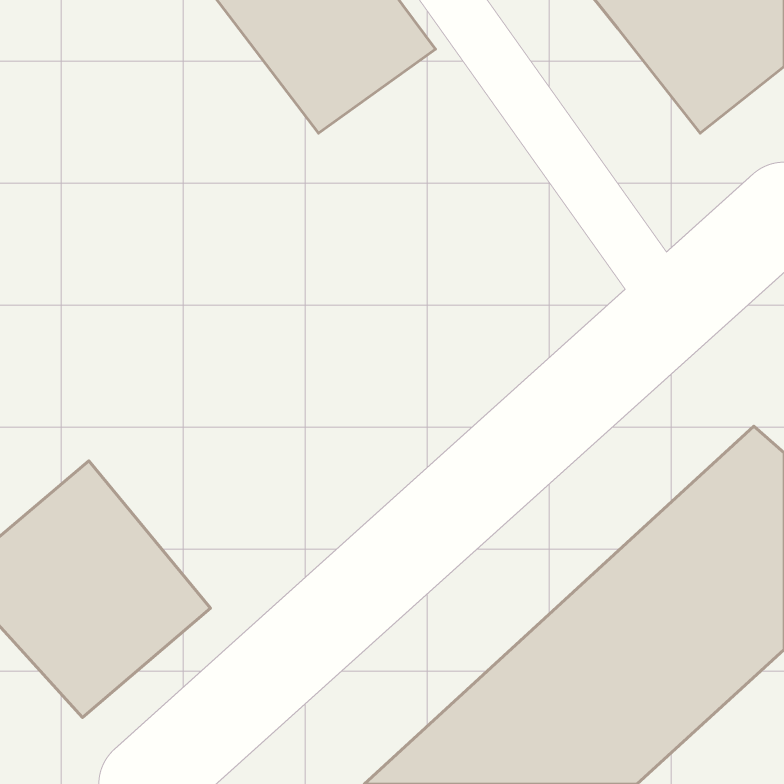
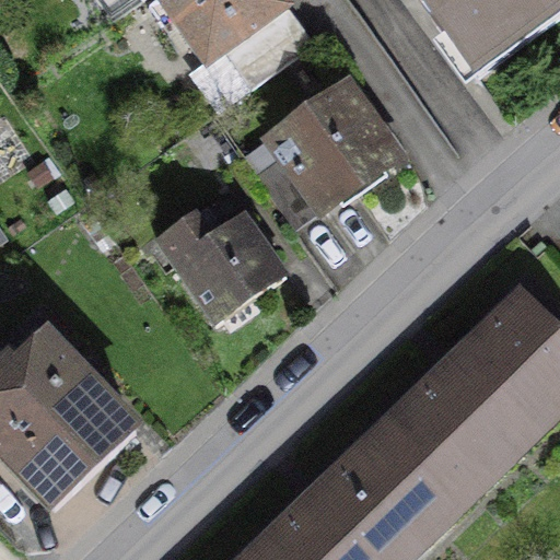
building: none -> [265,90,405,228]
building: none -> [162,183,287,307]

